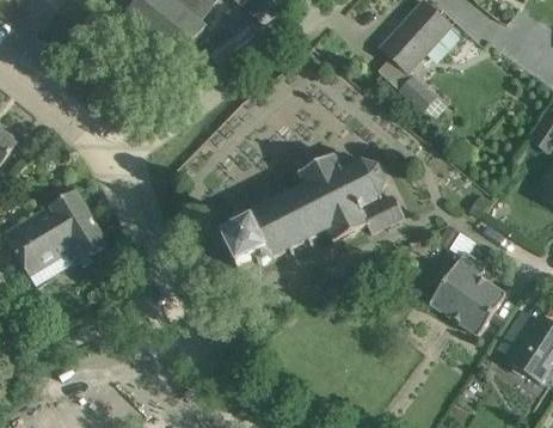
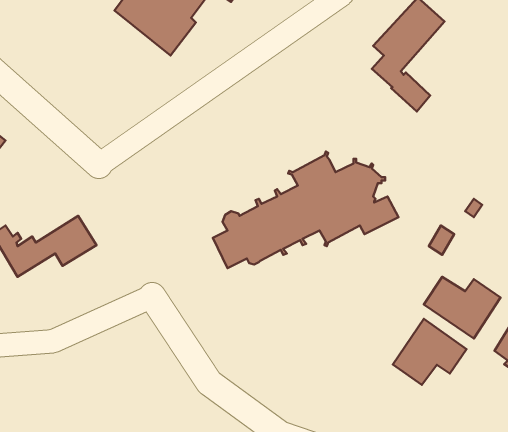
building: [18,189,90,244] -> none
building: [448,250,486,288] -> none
building: none -> [393,319,466,385]

